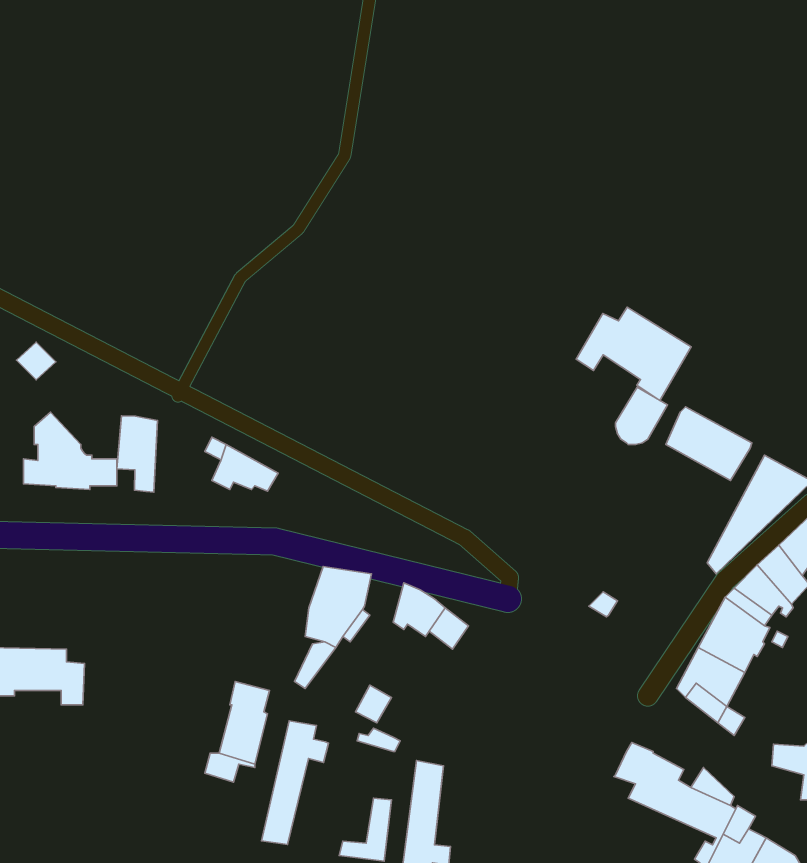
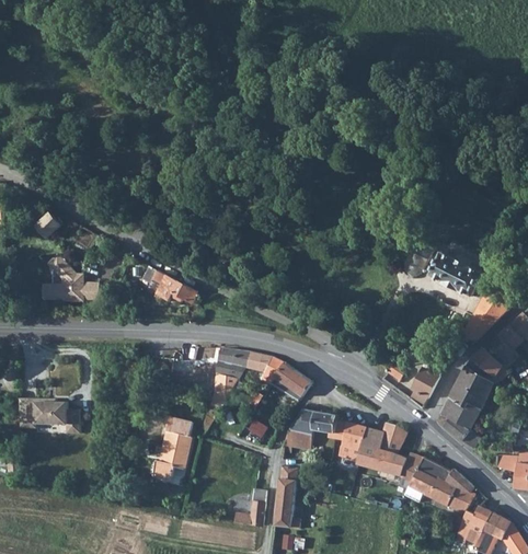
building: [576,307,691,400] -> none
building: [117,416,158,492] -> none
building: none -> [249,351,273,381]
building: none -> [408,366,441,407]
building: none -> [282,409,409,474]
building: [262,721,329,845] -> none

